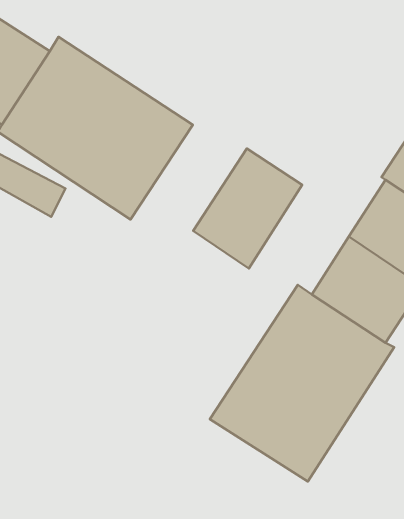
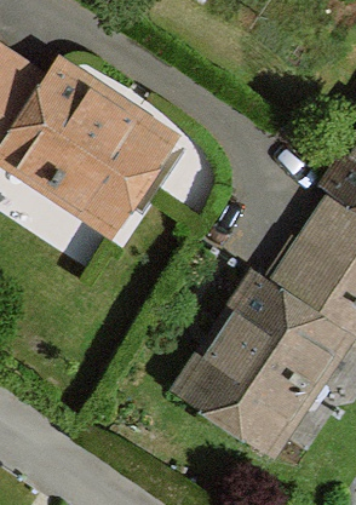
building: [193,149,302,268] -> none

